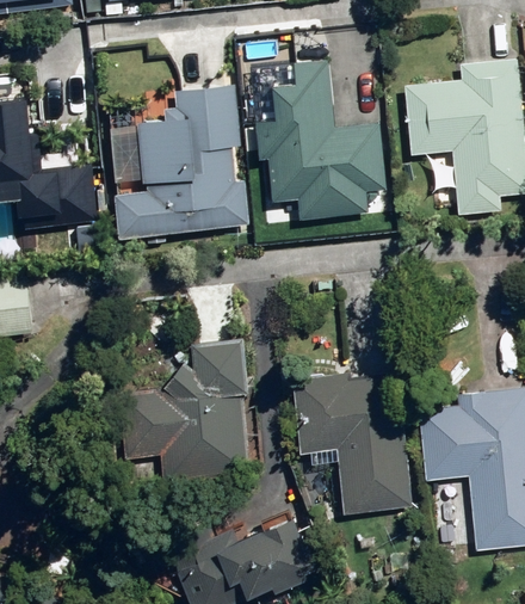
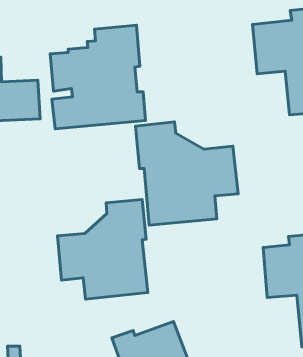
building: [253,60,385,221] -> none
building: none -> [136,122,238,225]
building: [291,374,410,516] -> none

